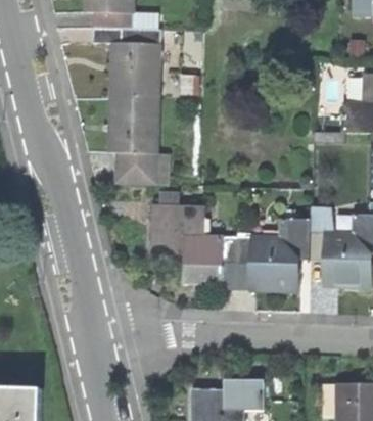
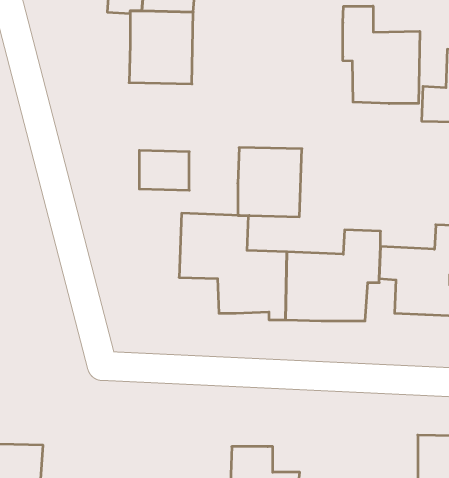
building: none -> [343,6,420,104]
building: [108,99,159,154] -> [238,148,302,217]
building: [224,380,264,410] -> none

